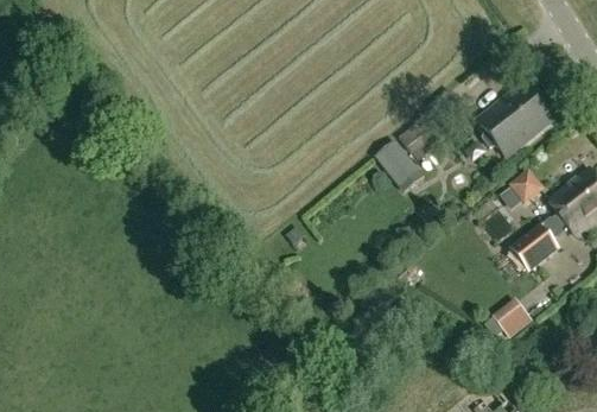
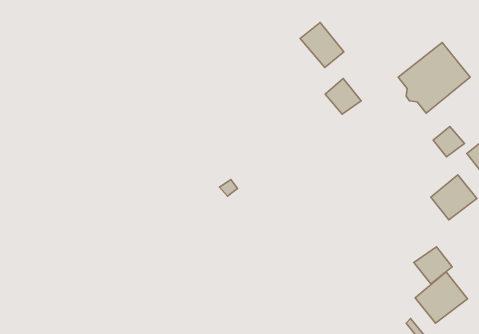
building: [374,139,420,186] -> [300,23,344,68]
building: none -> [415,272,468,323]

